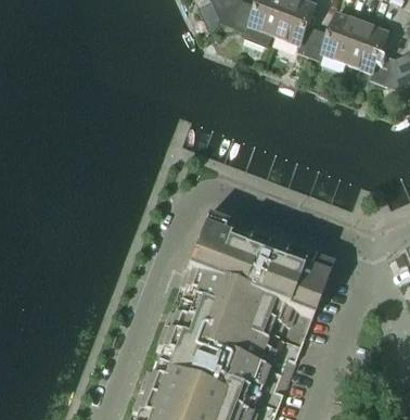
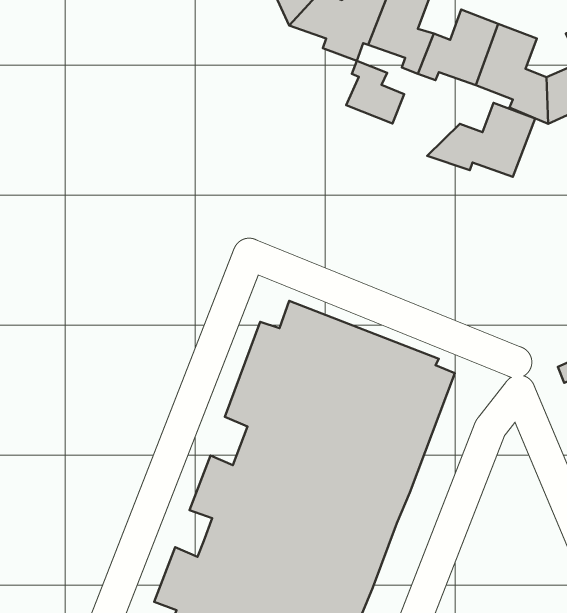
building: none -> [346,61,404,123]
building: none -> [427,103,535,177]

